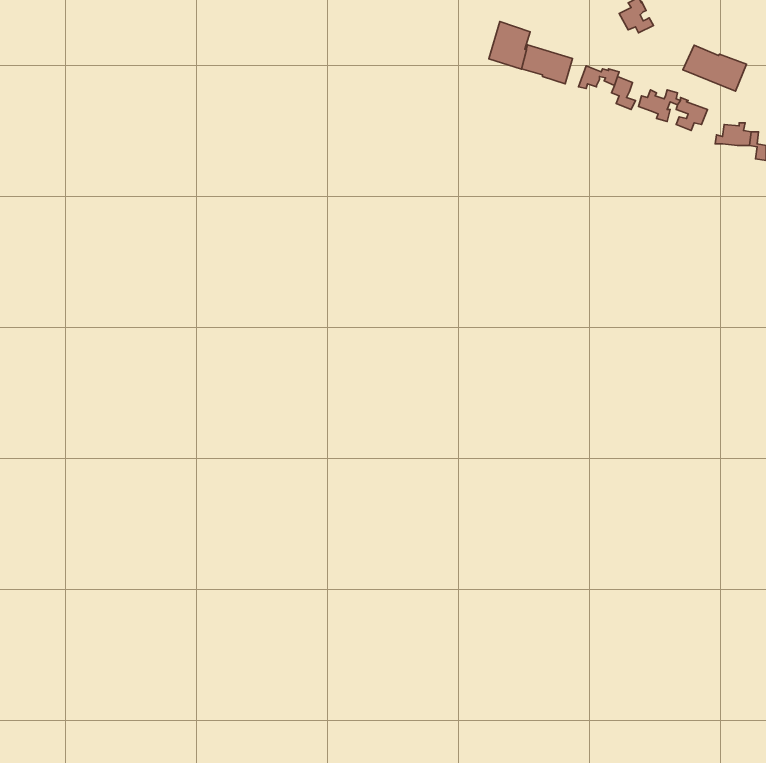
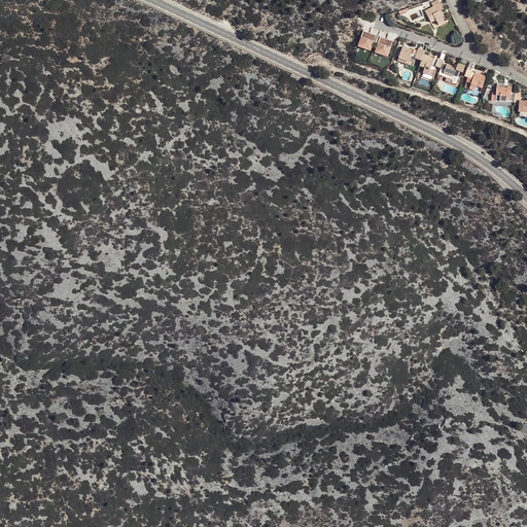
building: [489,22,530,69] -> none
building: [683,45,746,91] -> none

